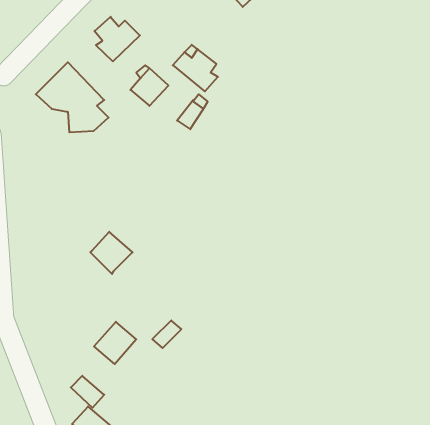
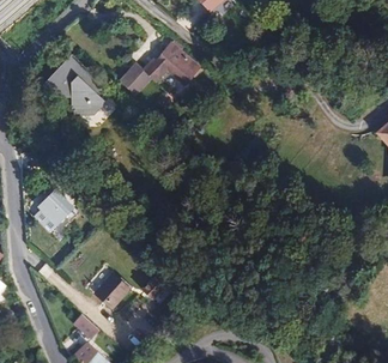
building: [94,17,140,61] -> none
building: [90,232,133,274] -> [40,189,74,224]

